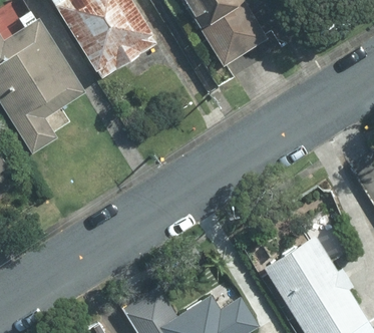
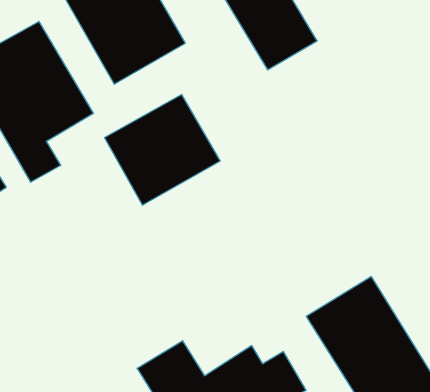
building: none -> [105,94,220,205]

